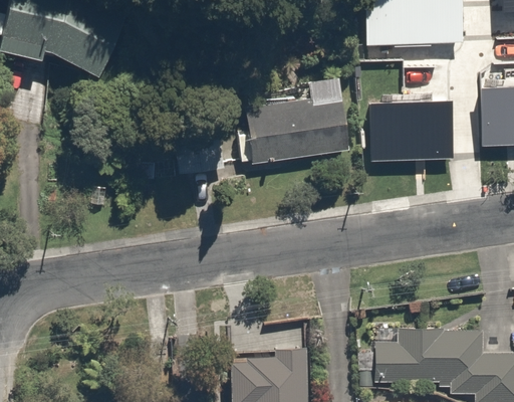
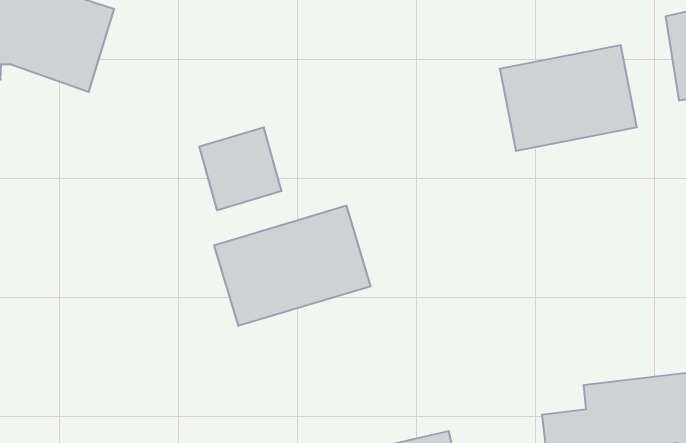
building: [245,79,352,165] -> none
building: none -> [214,205,371,326]

